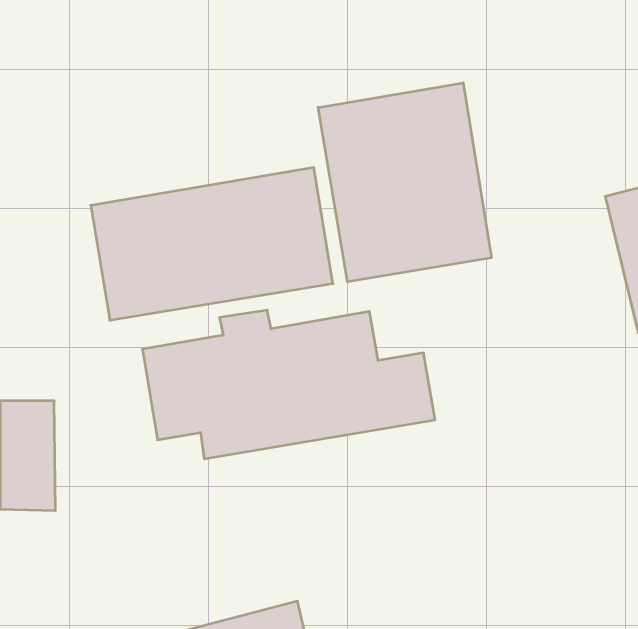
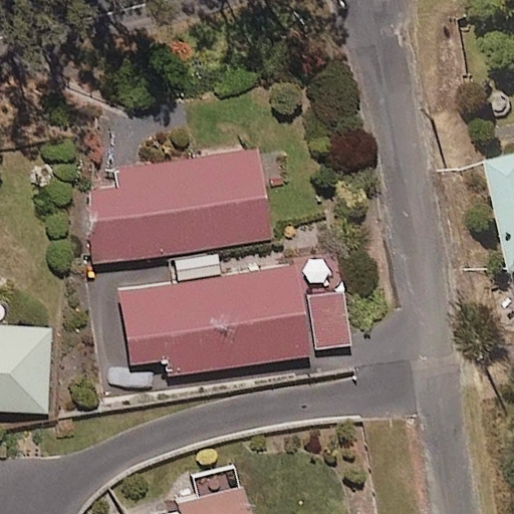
building: [318,83,491,282] -> none

